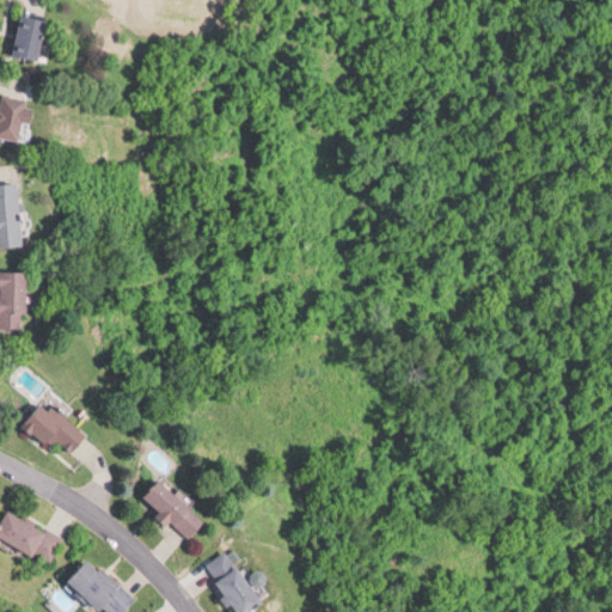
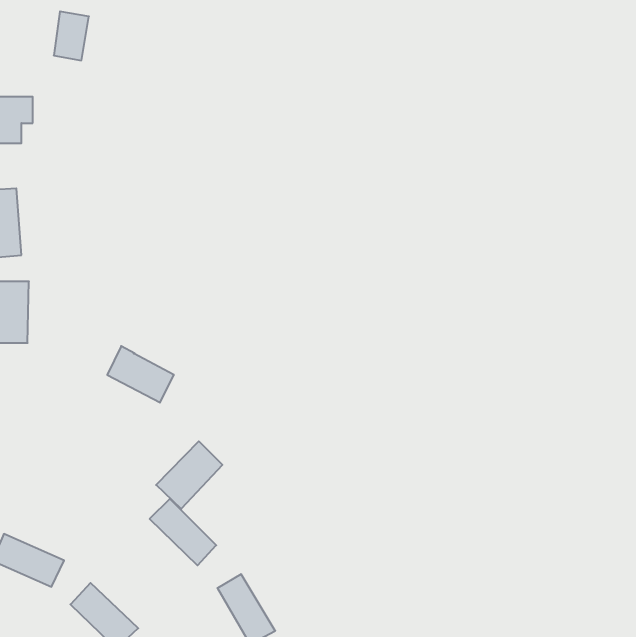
building: [12,14,45,61] -> [54,11,89,60]
building: [23,404,86,458] -> [107,346,174,403]
building: none -> [156,441,222,509]

